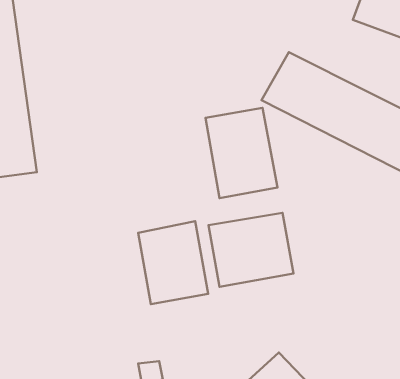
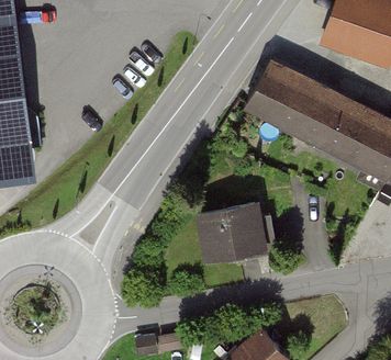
building: [205,108,278,198] -> none
building: [138,221,208,304] -> none

